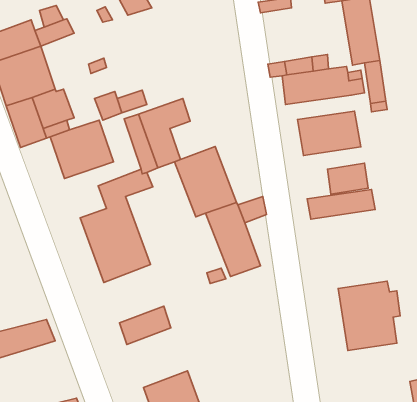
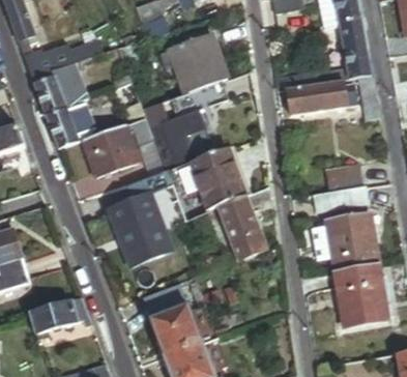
building: none -> [168,35,223,92]
building: [297,111,361,155] -> none
building: none -> [325,213,375,271]
building: none -> [149,306,202,357]

